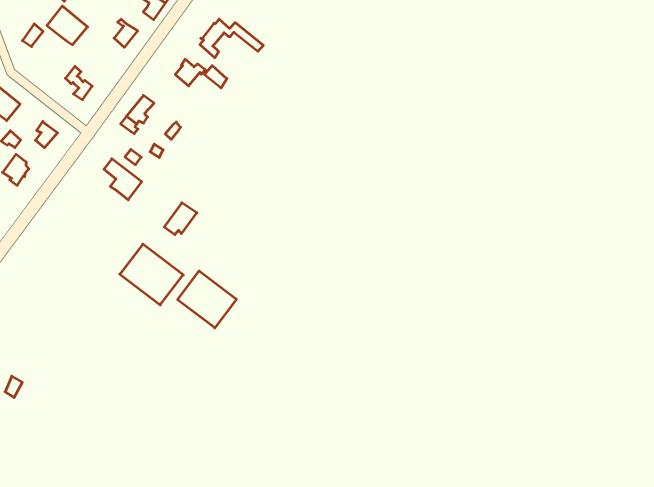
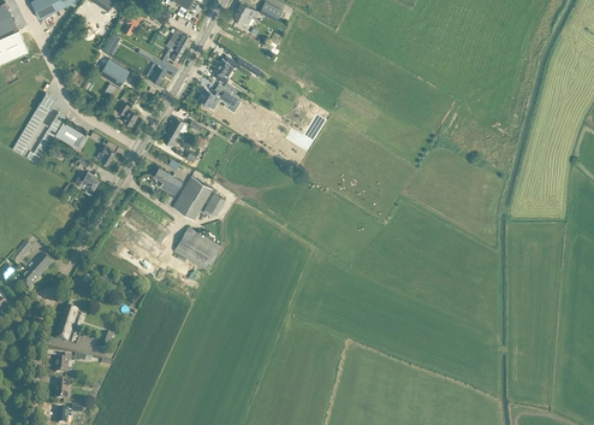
building: none -> [172,175,210,218]
building: [178,271,236,328] -> none

